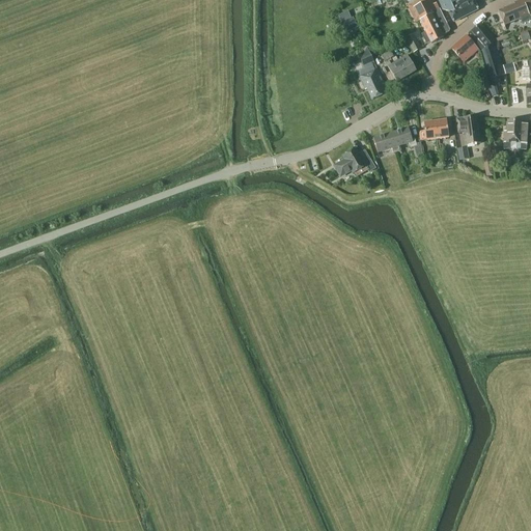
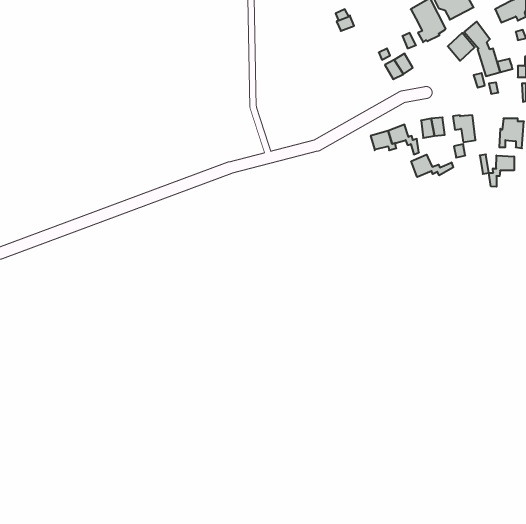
building: [357,45,385,97] -> none
building: [335,147,375,174] -> none
building: none -> [411,155,453,177]
building: none -> [489,155,514,187]

